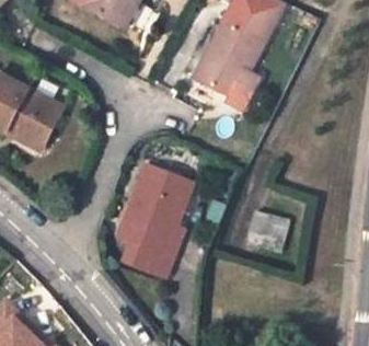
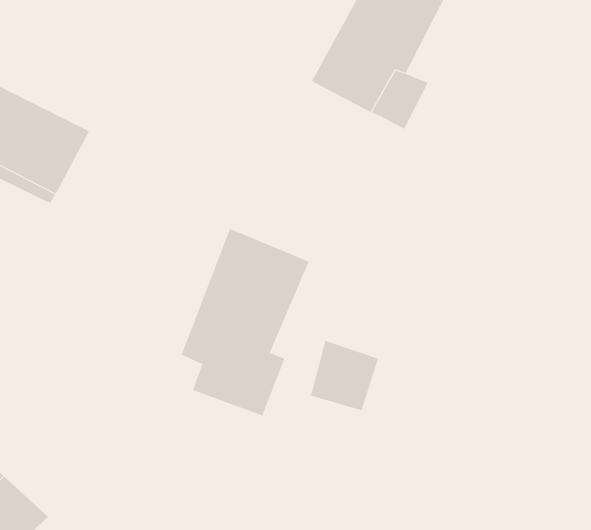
building: [245,209,286,251] -> [310,340,379,411]

